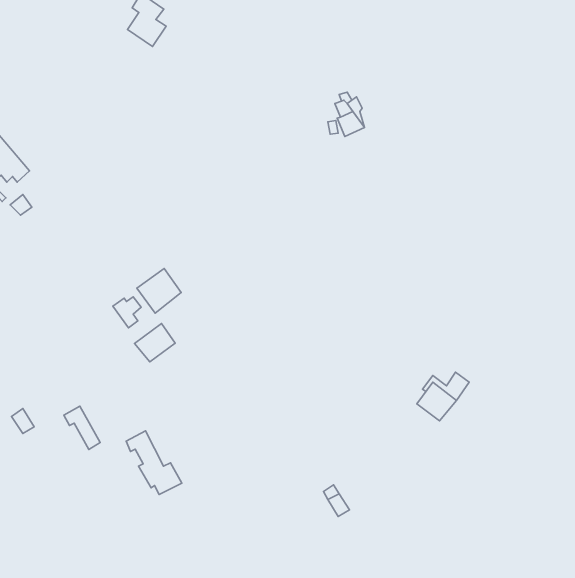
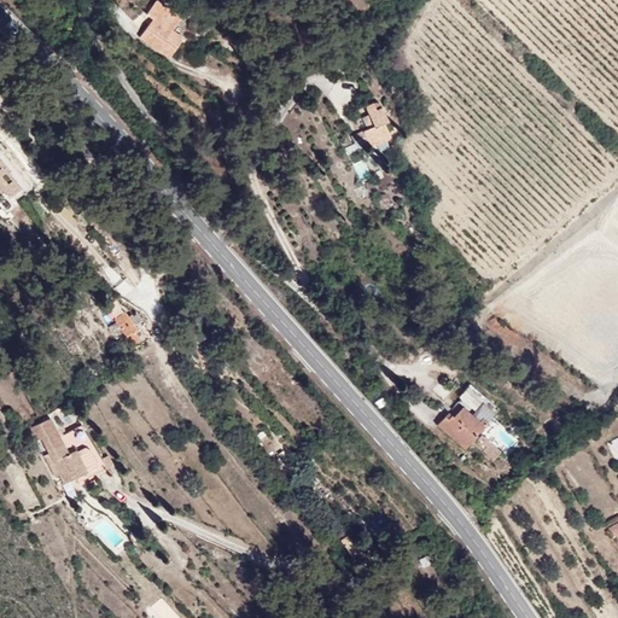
building: [137,269,181,313] -> none
building: [135,324,175,362] -> none
building: [126,431,182,495] -> [33,422,92,490]

